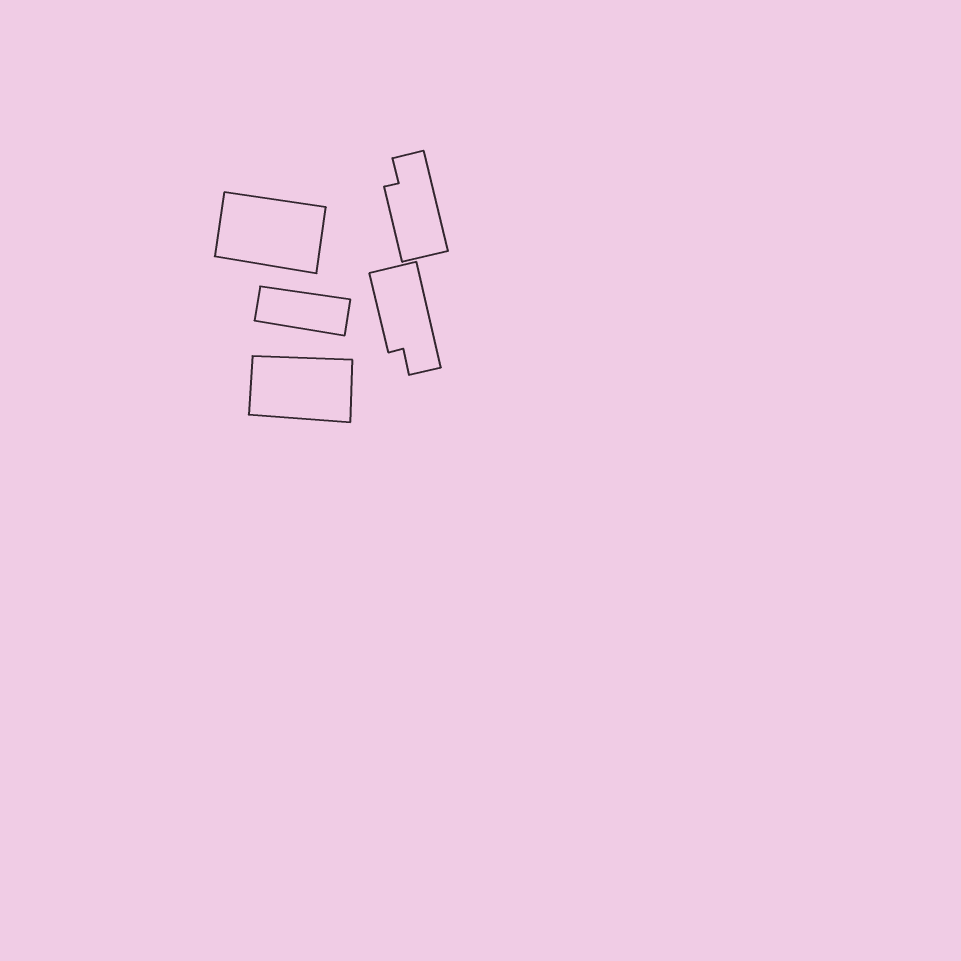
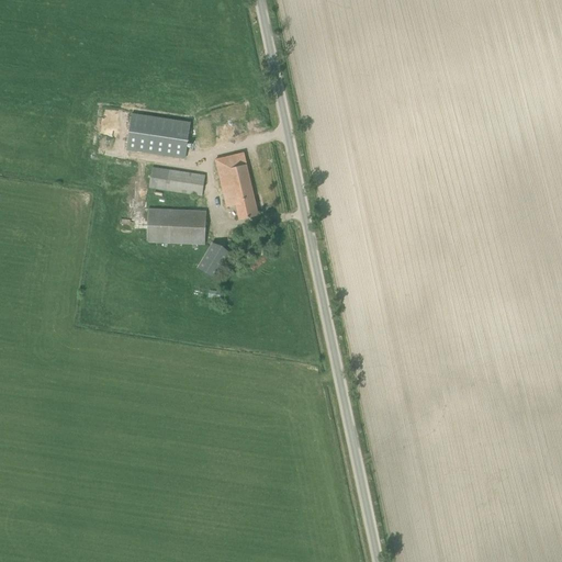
building: [384,151,448,262] -> none
building: none -> [198,241,228,276]

